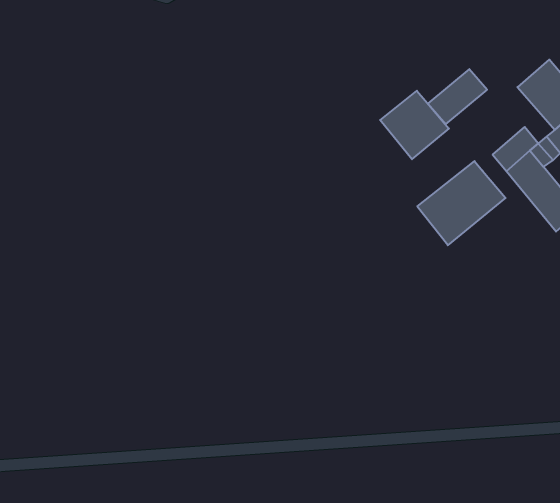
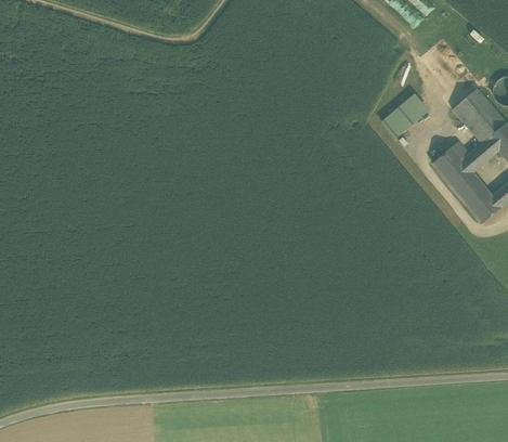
building: [380,91,449,159] -> none
building: [417,161,506,245] -> none

